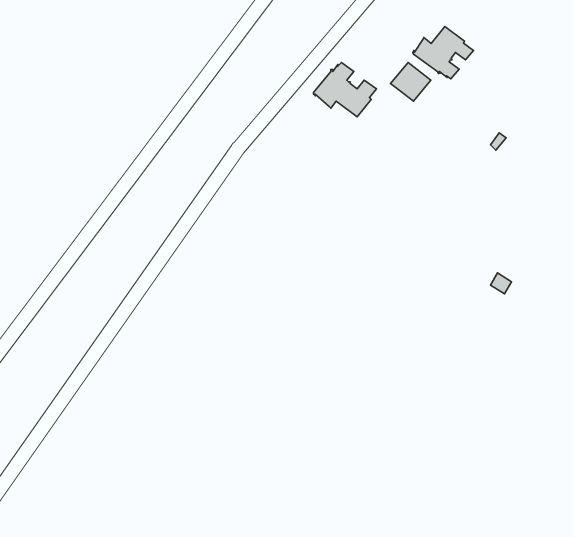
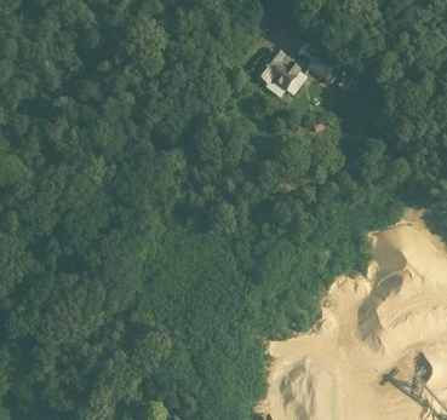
building: [413,26,474,79] -> none

